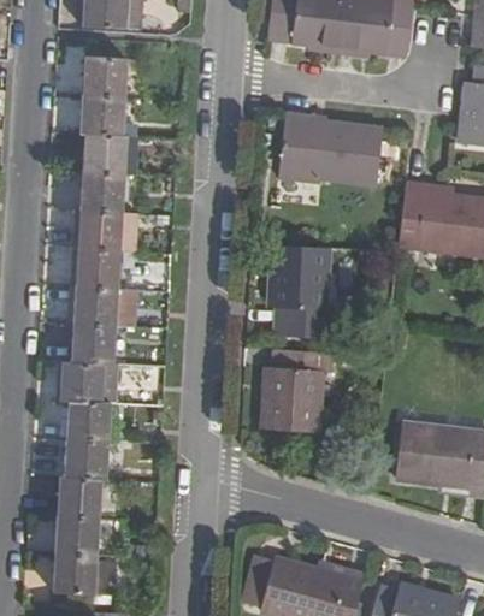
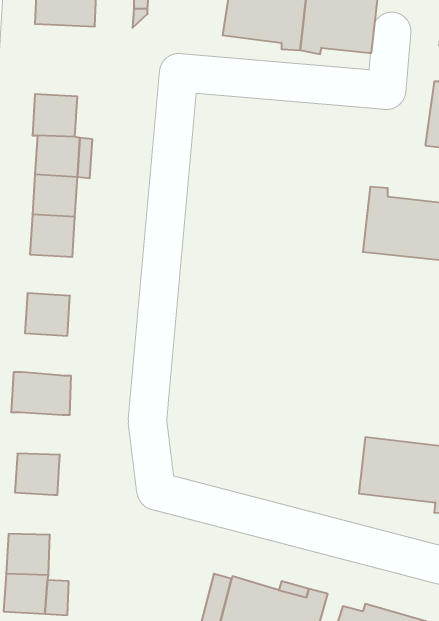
building: [83,57,126,96] -> none
building: [278,113,382,182] -> none
building: [270,244,334,327] -> none
building: [76,248,119,288] -> none
building: [71,324,114,365] -> none
building: [262,348,330,431] -> none
building: [66,399,110,440] -> none
building: [58,476,101,517] -> none

